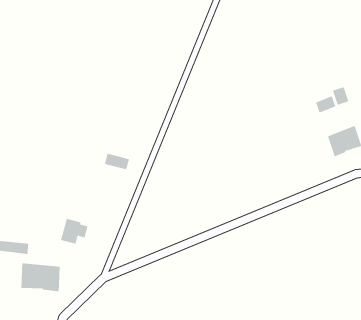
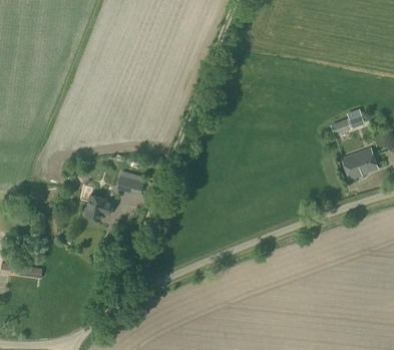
building: [60,218,88,244] -> [84,194,112,220]
building: [21,263,60,292] -> none

